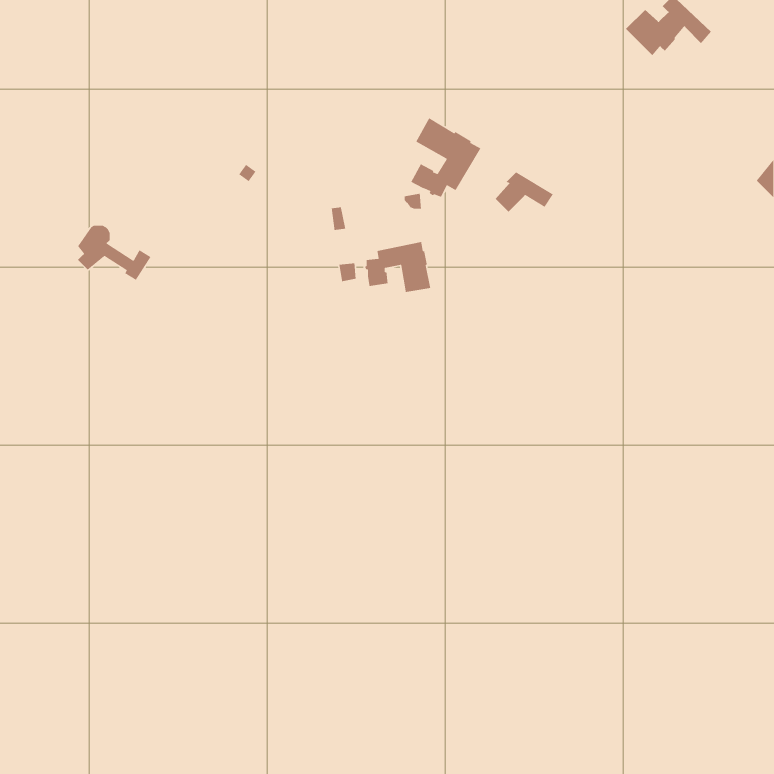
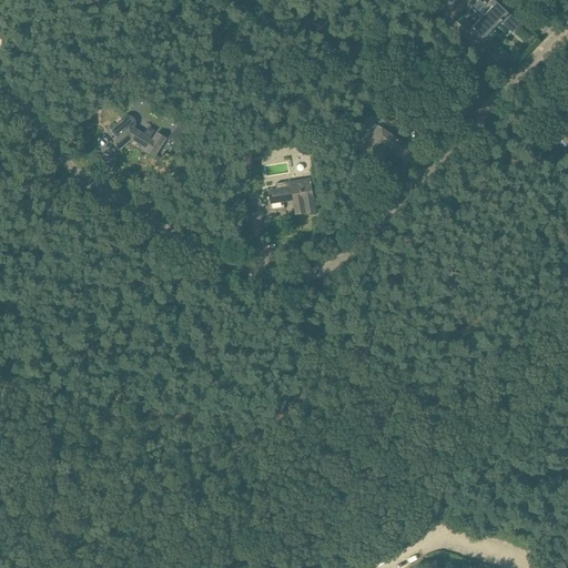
building: [410,117,481,198] -> none
building: [77,225,151,281] -> [111,114,165,155]

